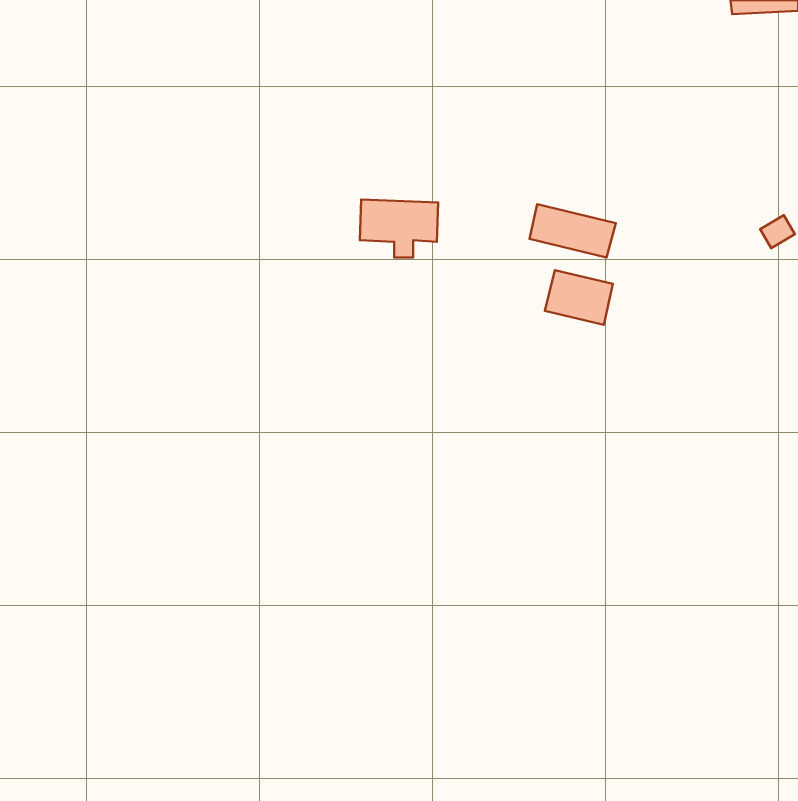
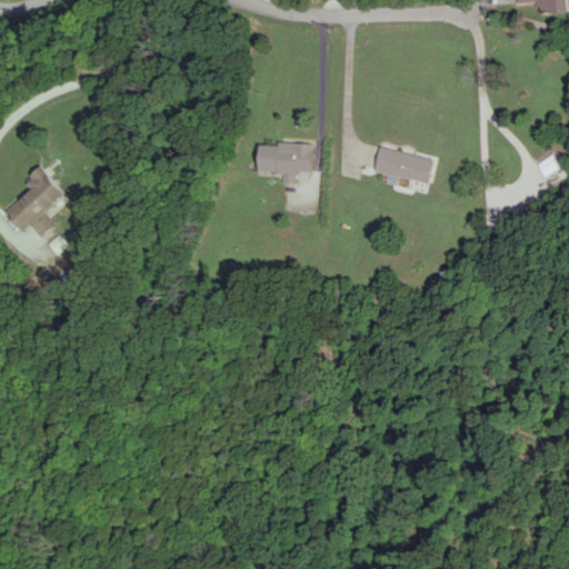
building: none -> [4,166,67,237]
building: [545,270,613,325] -> none

